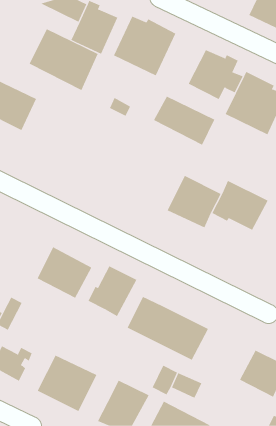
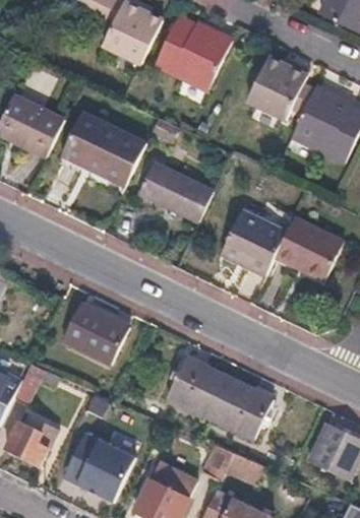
building: [29,29,98,91] -> [60,113,144,188]
building: [153,96,215,145] -> [138,164,214,223]
building: [88,266,137,317] -> none

